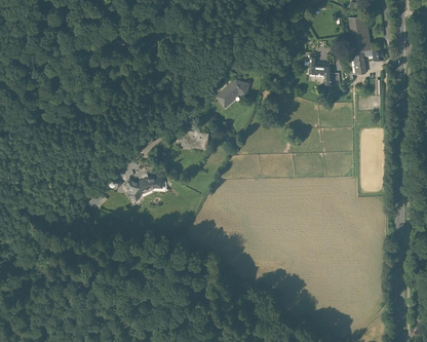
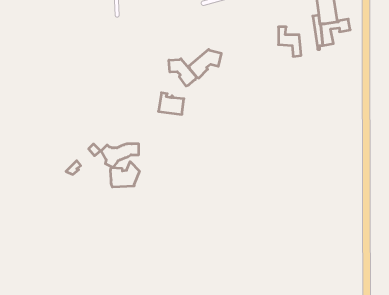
building: none -> [169,59,197,86]
building: none -> [111,162,139,187]

